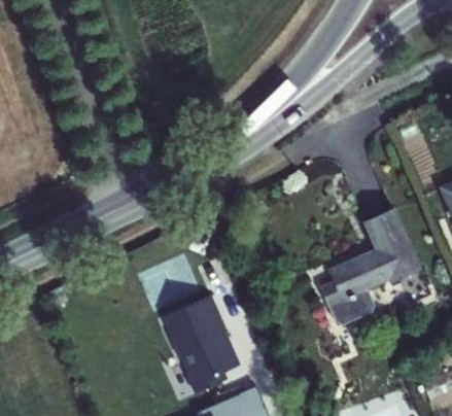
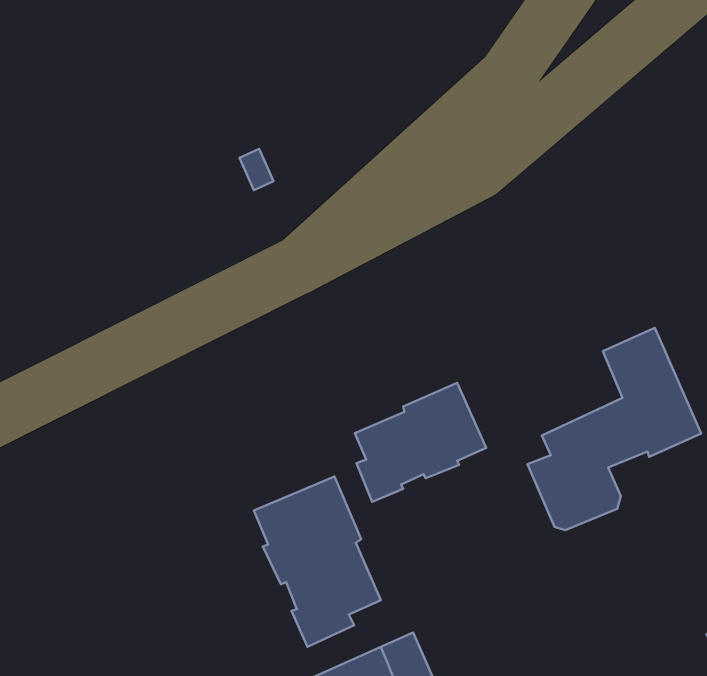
building: none -> [355,383,486,502]

